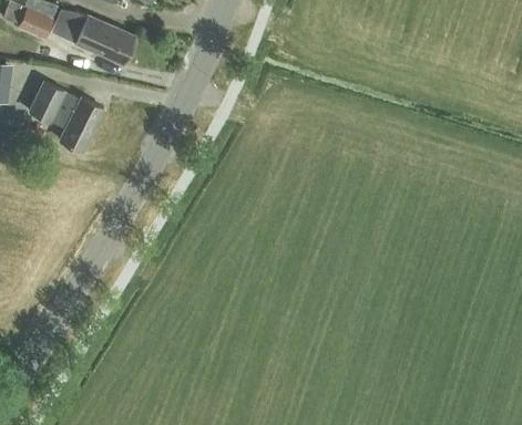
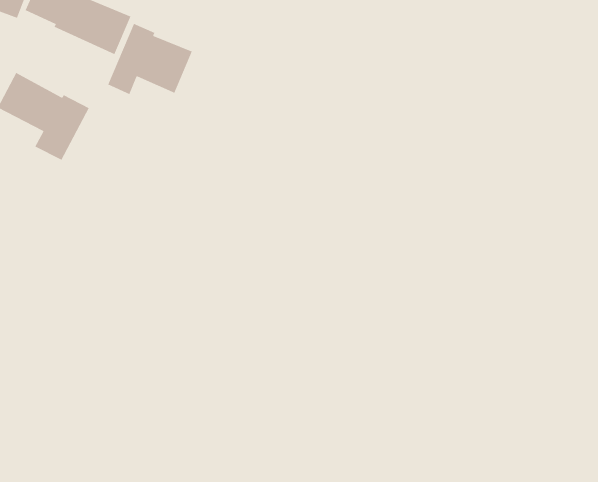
building: none -> [107,23,193,95]

